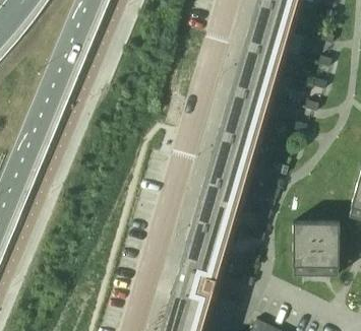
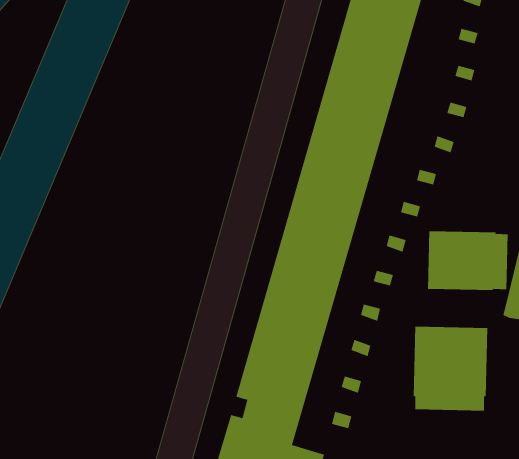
building: none -> [427,230,508,291]

